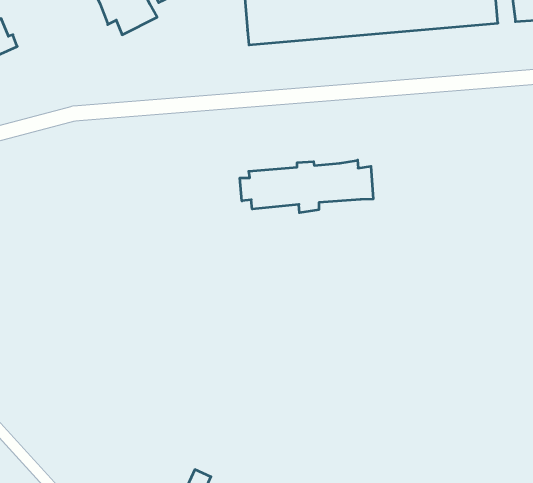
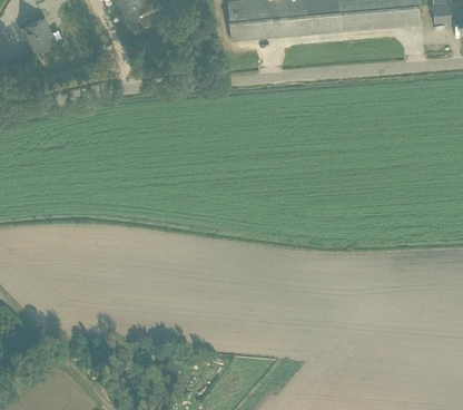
building: [240,160,373,213] -> none

